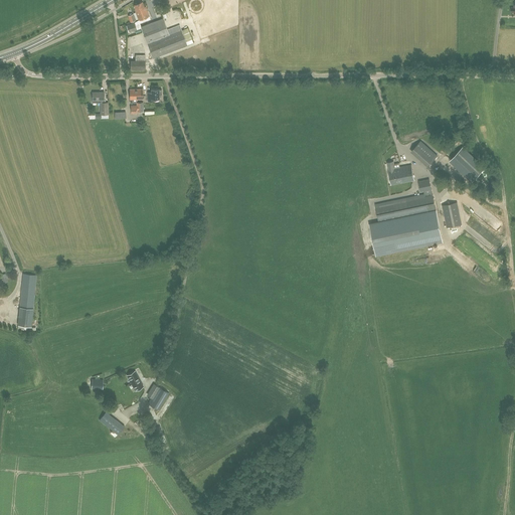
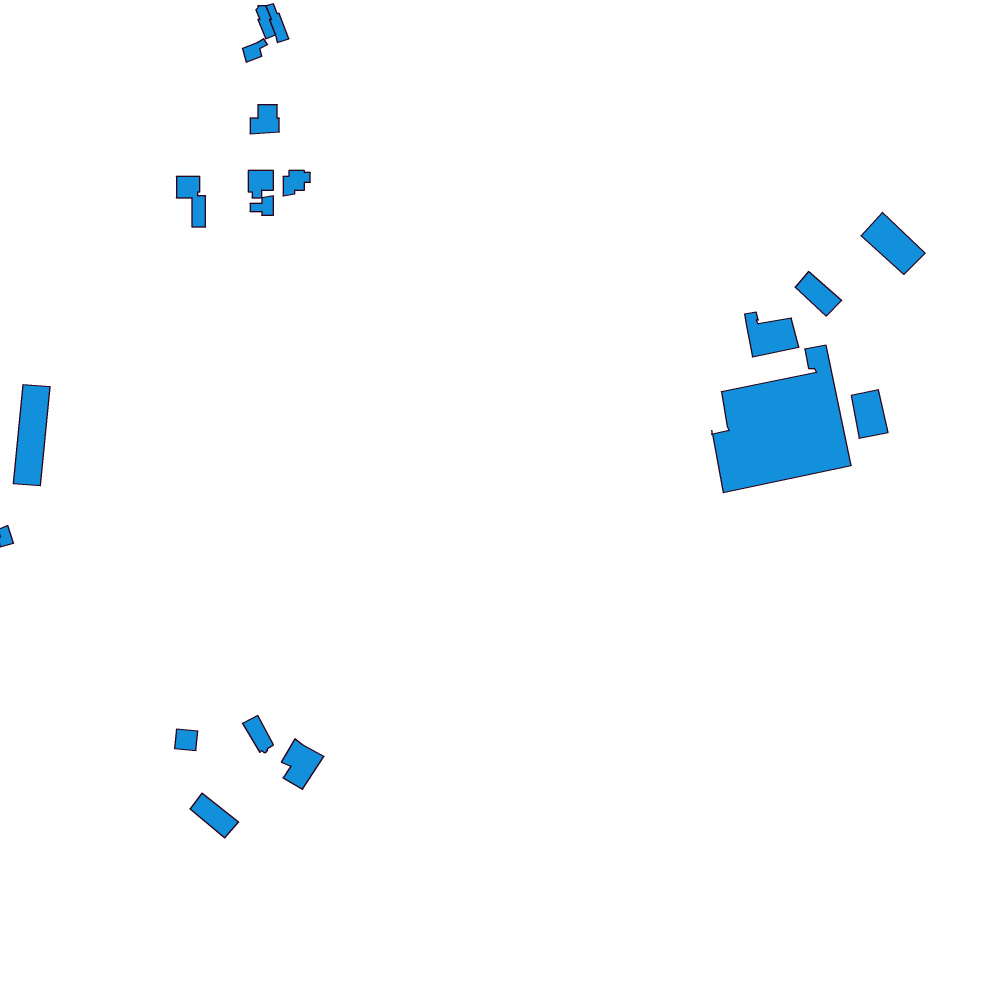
building: [140,17,186,57] -> none
building: [451,147,484,179] -> [861,212,925,274]
building: [17,274,36,326] -> [13,385,50,486]

